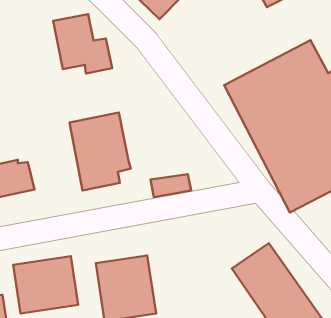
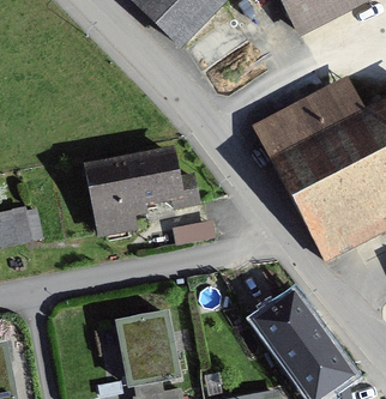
building: [53,14,112,74] -> [137,145,201,210]
building: [13,256,78,314] -> none

